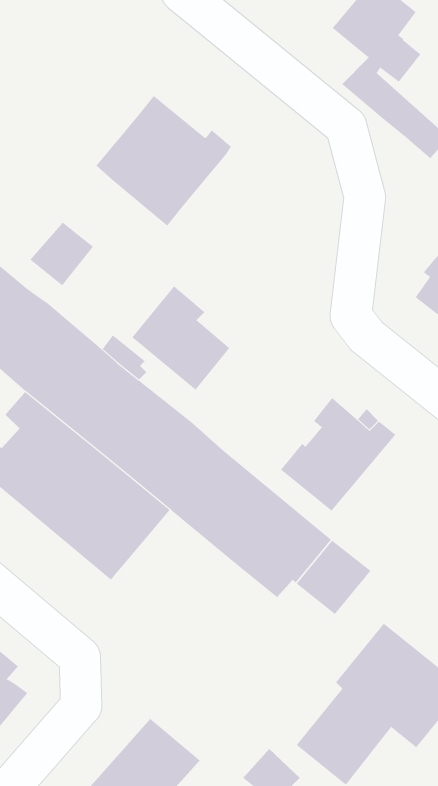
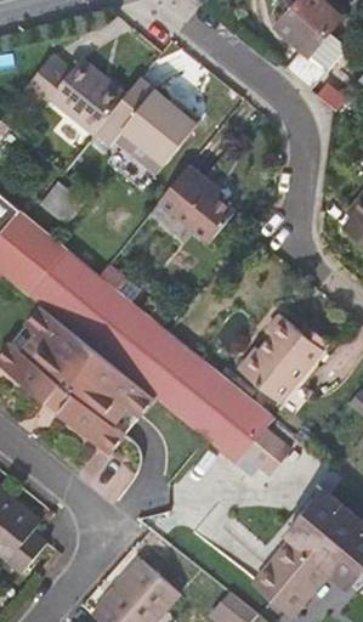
building: none -> [33,55,126,134]
building: [131,286,230,390] -> [157,164,233,245]

